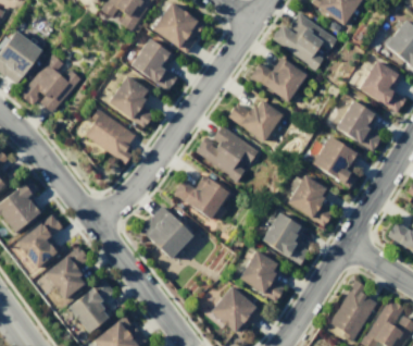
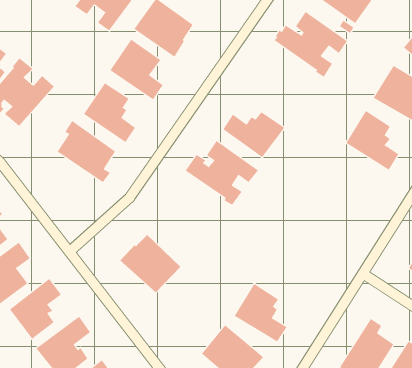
building: [250,58,306,102] -> none
building: [310,134,360,188] -> none
building: [174,174,229,220] -> none
building: [286,174,333,226] -> none
building: [262,212,308,263] -> none

